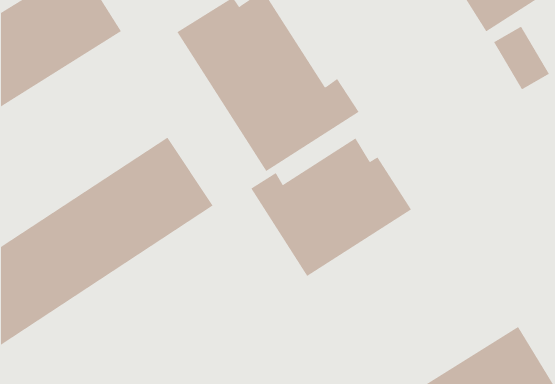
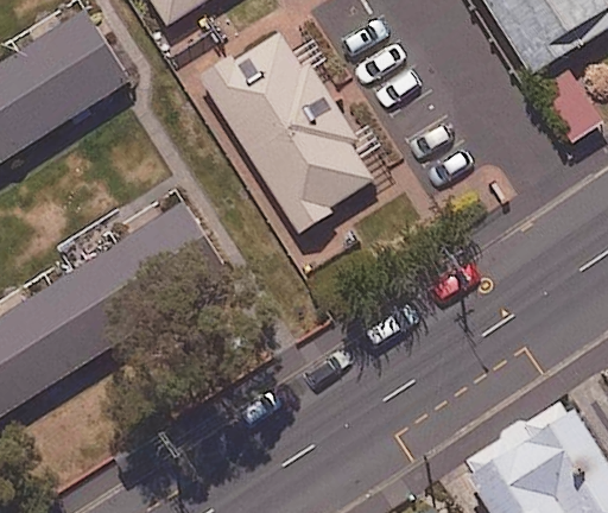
building: [250,138,412,277] -> none

